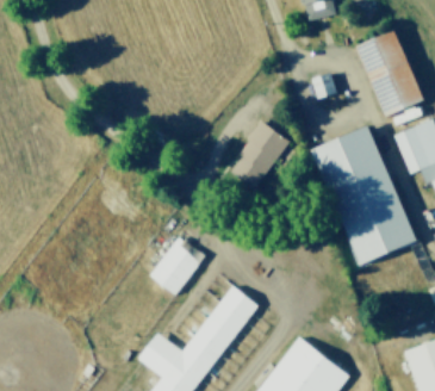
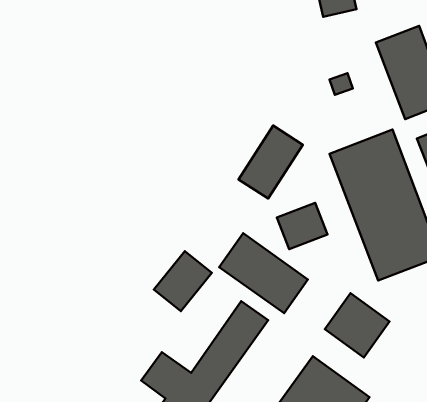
building: none -> [277,203,327,249]
building: none -> [219,233,308,313]
building: none -> [325,293,390,357]

